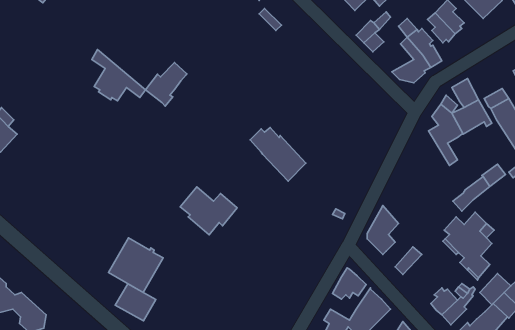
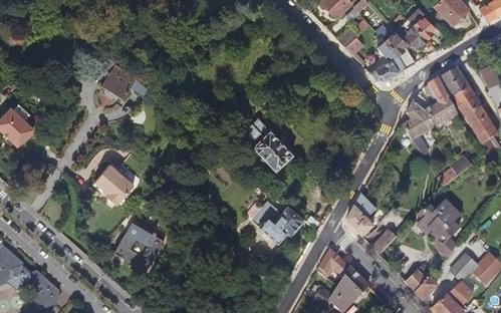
building: [145,62,187,106] -> none
building: none -> [442,67,469,96]
building: none -> [93,167,133,206]
building: [180,187,237,235] -> [252,200,303,243]
building: [115,284,156,321] -> none

